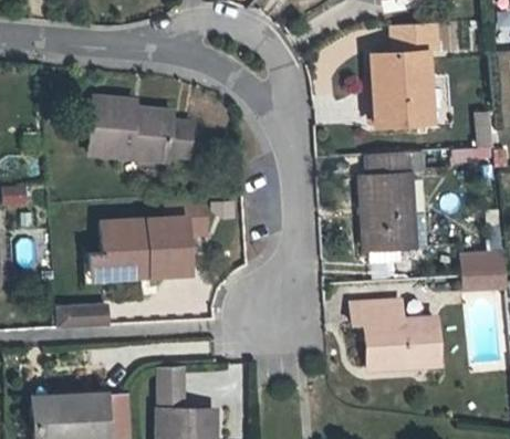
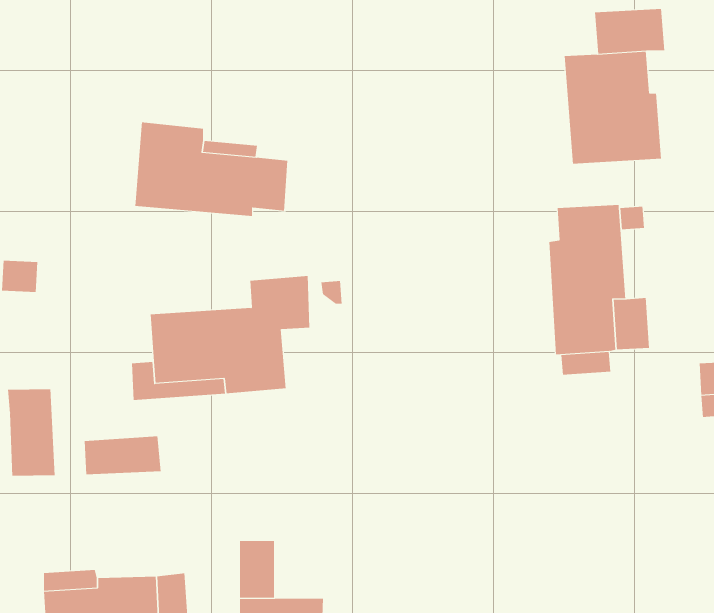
building: none -> [7,389,55,476]
building: [353,301,439,368] -> none

